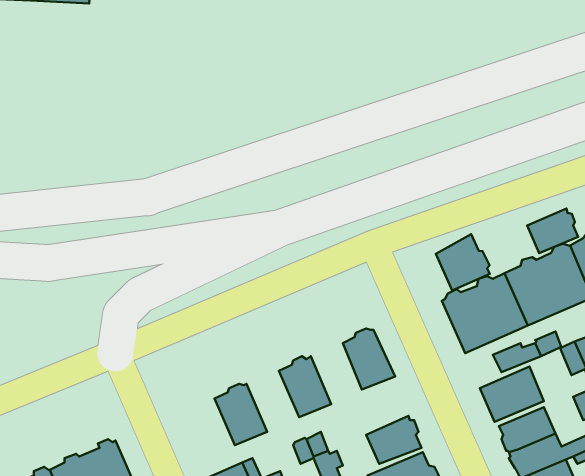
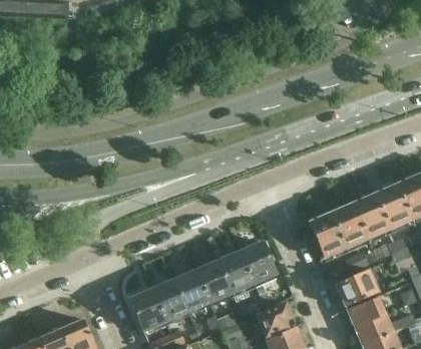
building: [527,208,578,253] -> none
building: [436,234,490,291] -> none
building: none -> [219,252,254,294]
building: none -> [174,271,210,313]
building: none -> [129,290,166,332]

